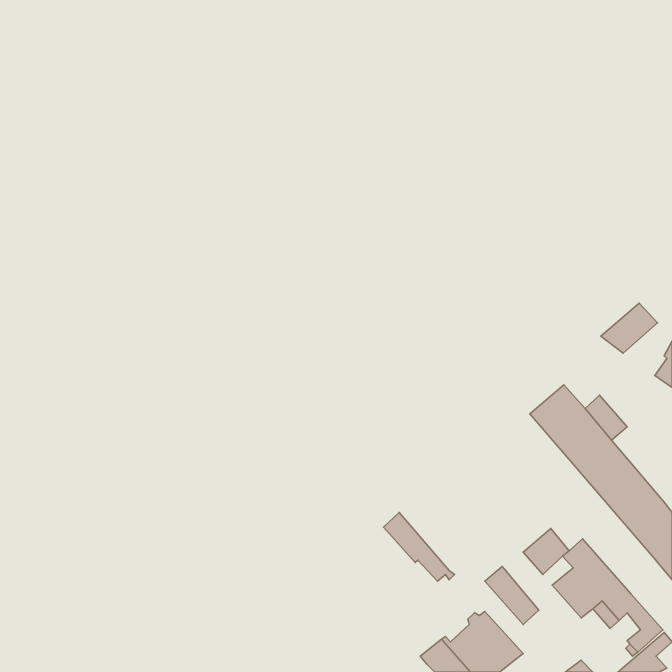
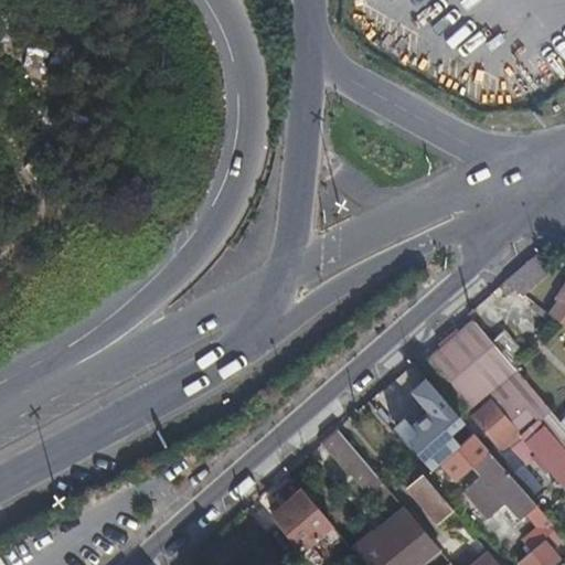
building: none -> [424,347,547,498]
building: none -> [407,380,463,468]
building: none -> [270,491,342,550]

